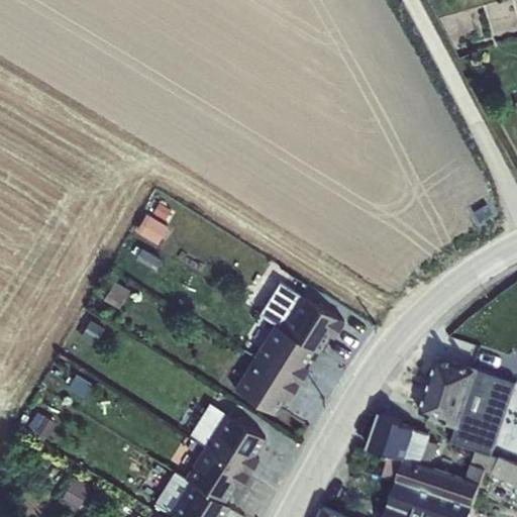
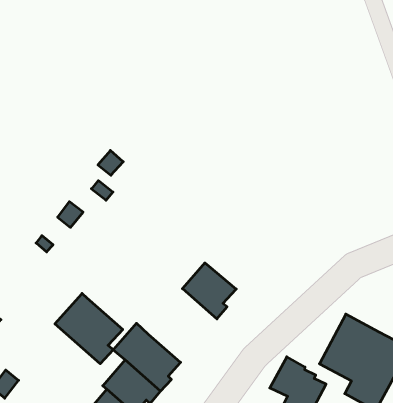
building: [260,282,342,352] -> none
building: [234,357,297,414] -> none
building: none -> [55,293,123,364]

